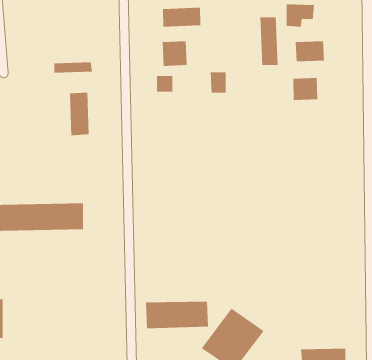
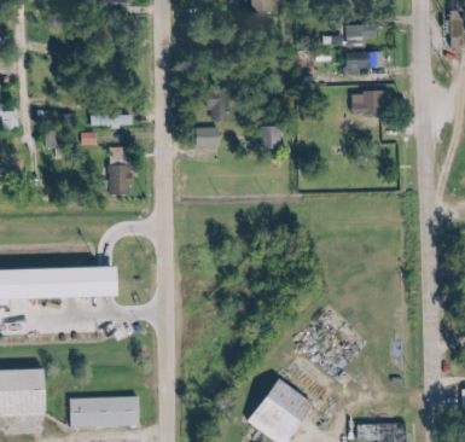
building: [163,7,201,27] -> none
building: [260,17,278,66] -> none
building: [293,77,318,101] -> none
building: [145,301,209,329] -> [63,397,132,428]

